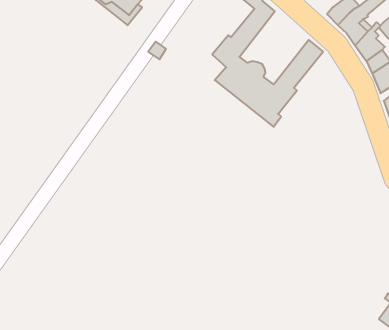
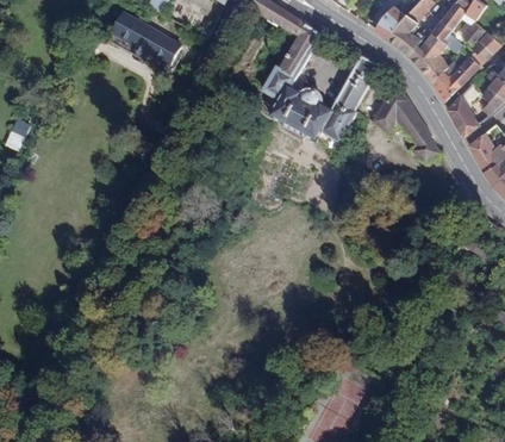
building: none -> [374,83,441,162]

